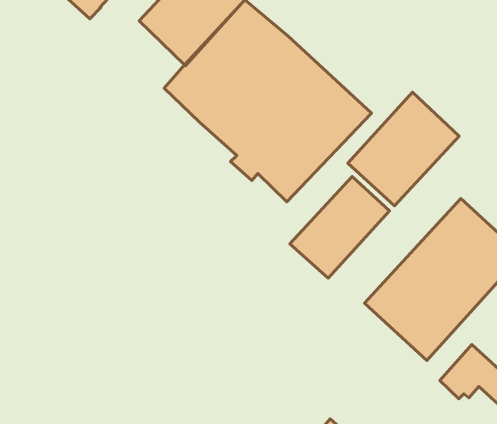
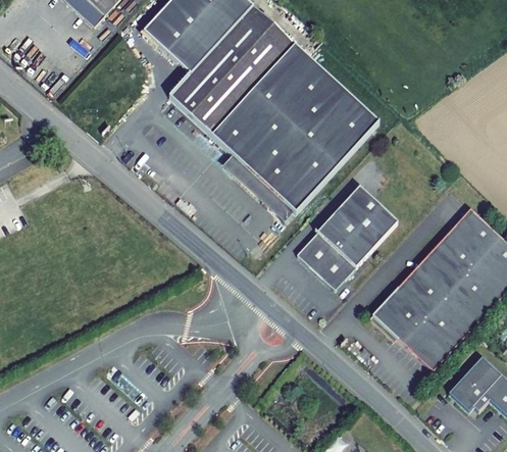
building: [348,92,459,206] -> none

